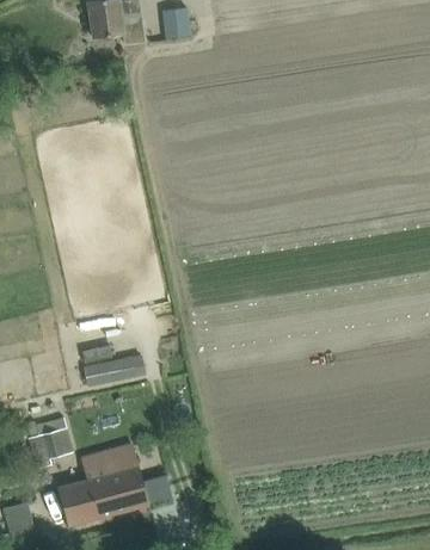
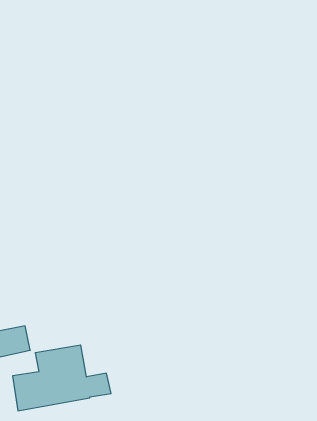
building: [84,354,145,387] -> none

